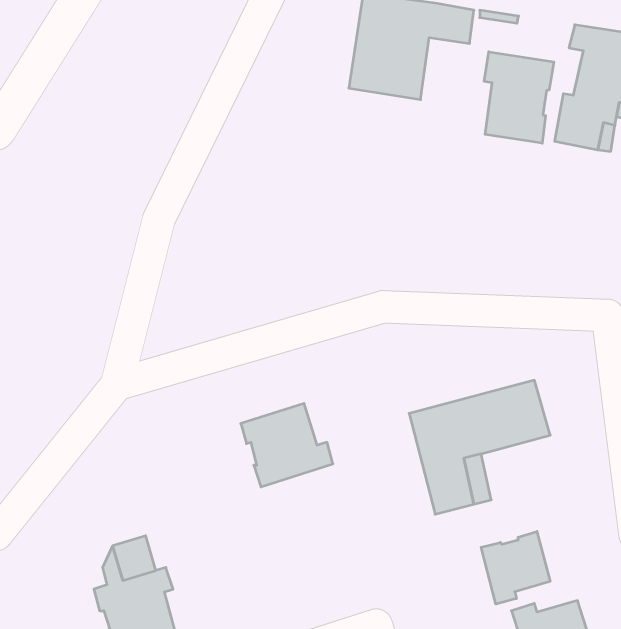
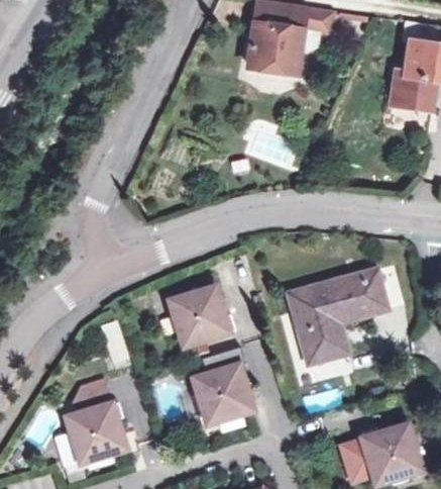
building: [484,52,554,143] -> none
building: none -> [194,348,251,424]
building: [481,531,550,604] -> none

